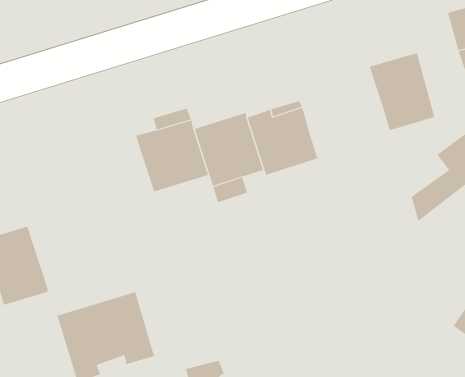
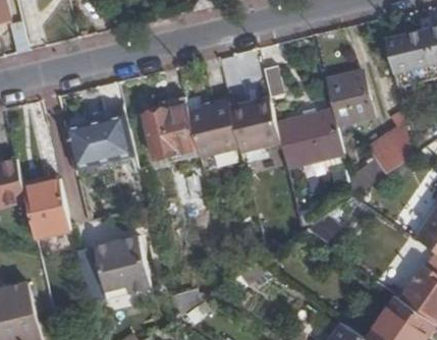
building: none -> [276,107,344,169]
building: none -> [65,113,136,169]

